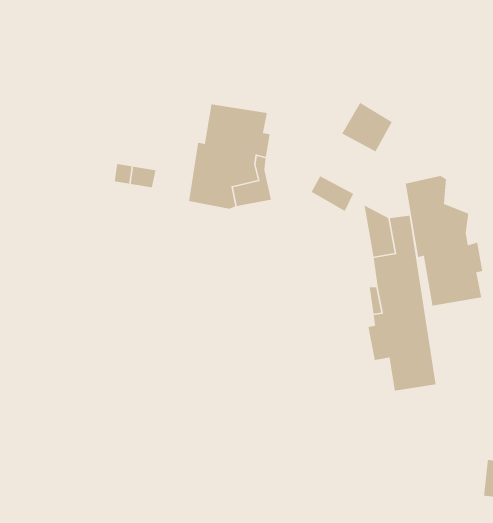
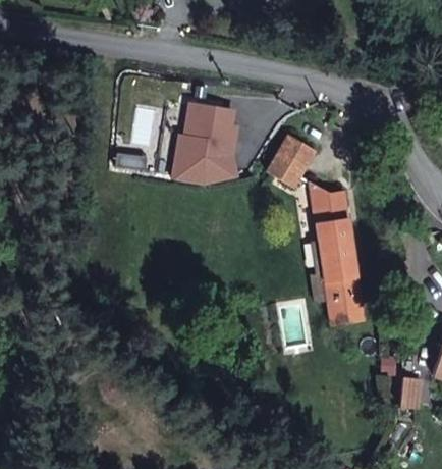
building: [341,102,393,152] -> [275,134,315,172]
building: [405,175,483,306] -> none

